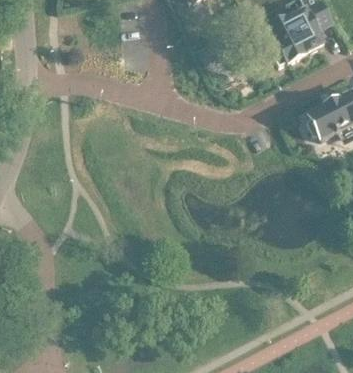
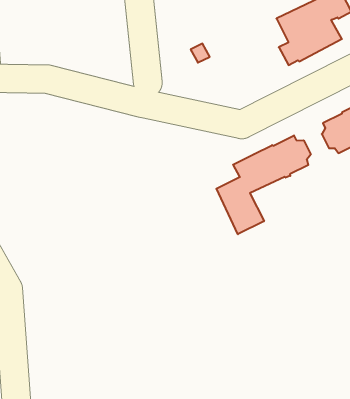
building: none -> [216,135,311,234]

